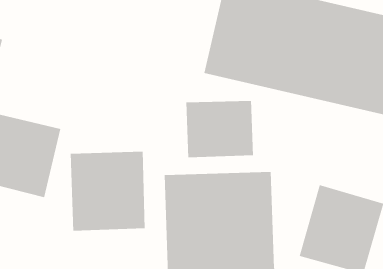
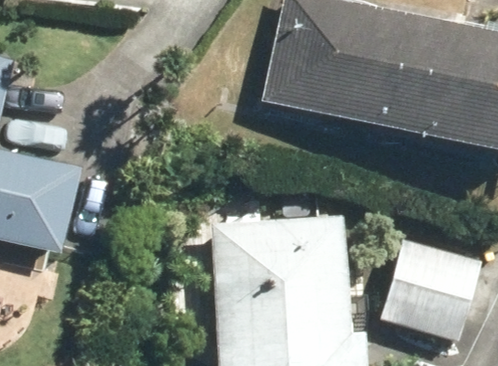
building: [186,100,253,158] -> none
building: [70,151,145,232] -> none

